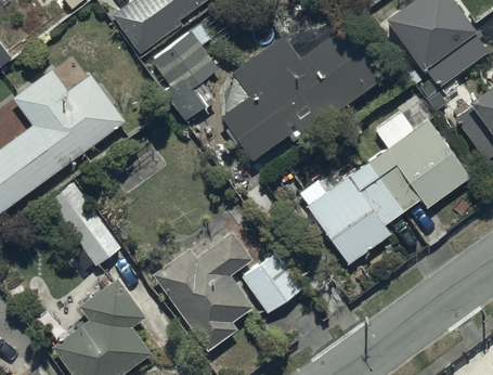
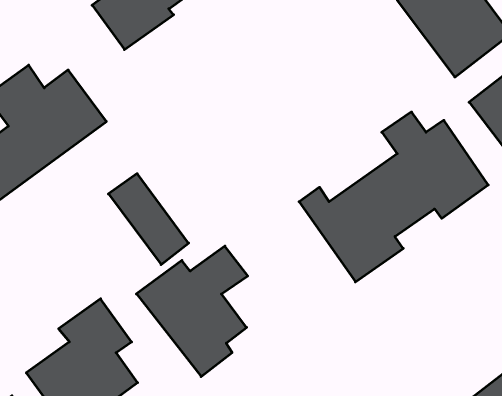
building: [220,23,389,160] -> none
building: [150,26,218,117] -> none
building: [48,185,120,268] -> [108,174,189,265]
building: [239,249,304,314] -> none

